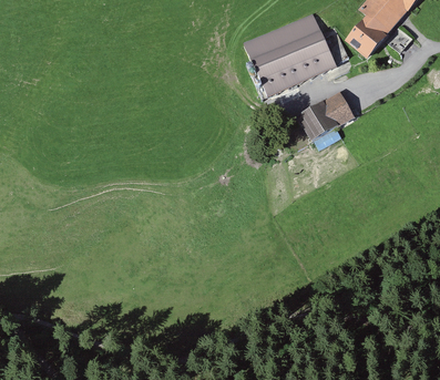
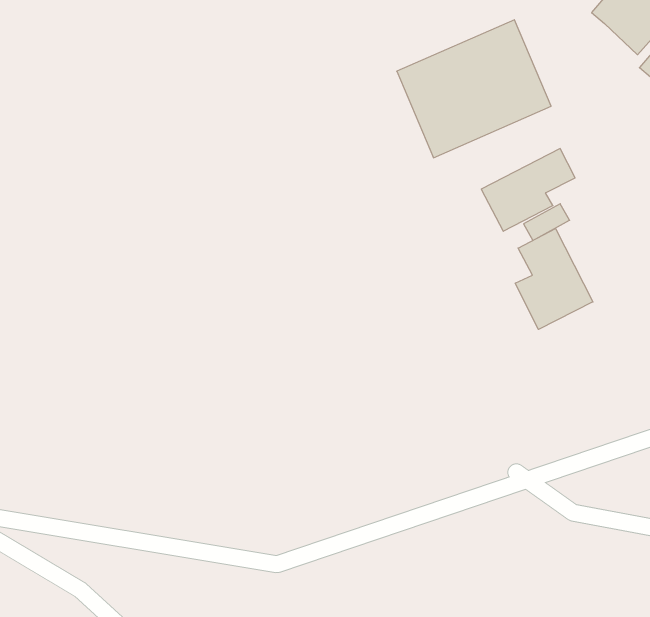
building: [346,14,389,60] -> none
building: none -> [515,229,593,329]

